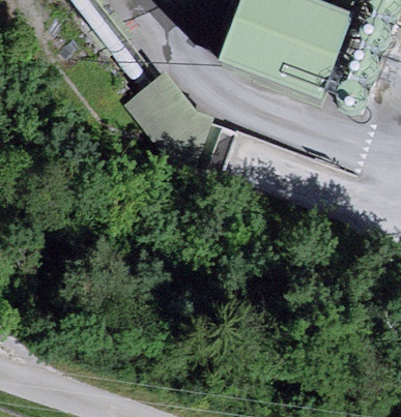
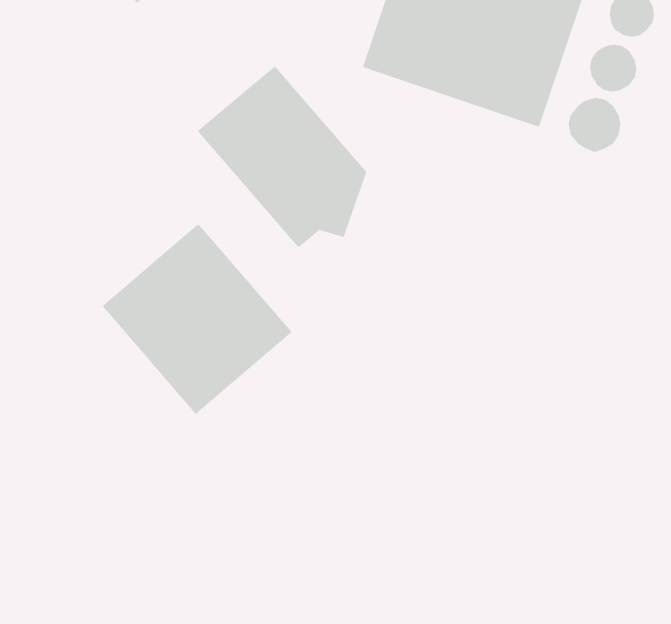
building: none -> [102,223,292,415]

